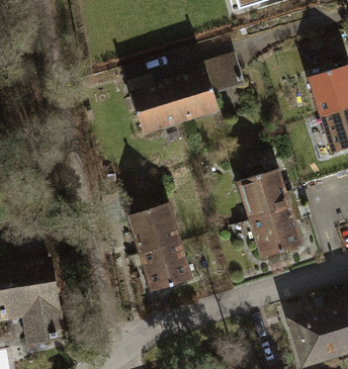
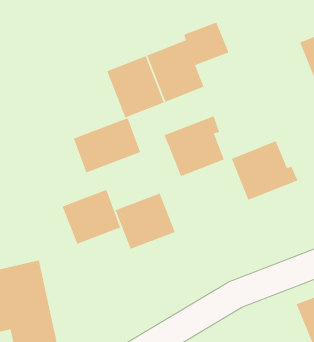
building: none -> [73,117,141,174]
building: [249,204,302,258] -> [164,115,225,177]
building: [139,242,191,290] -> [61,189,121,245]

